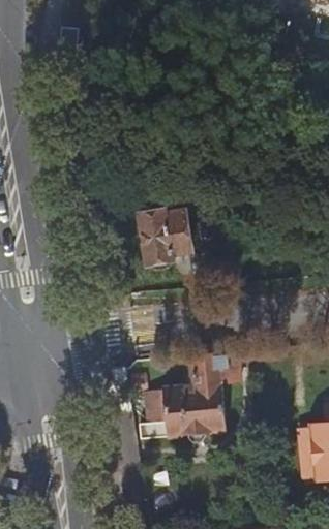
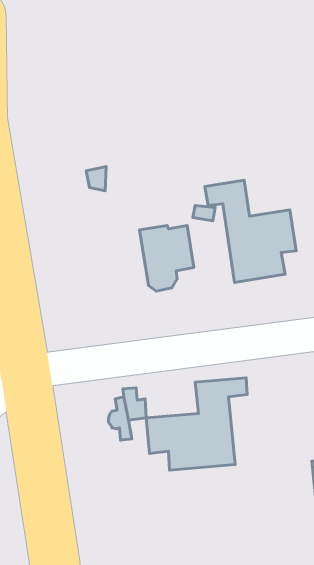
building: none -> [205,180,296,282]

